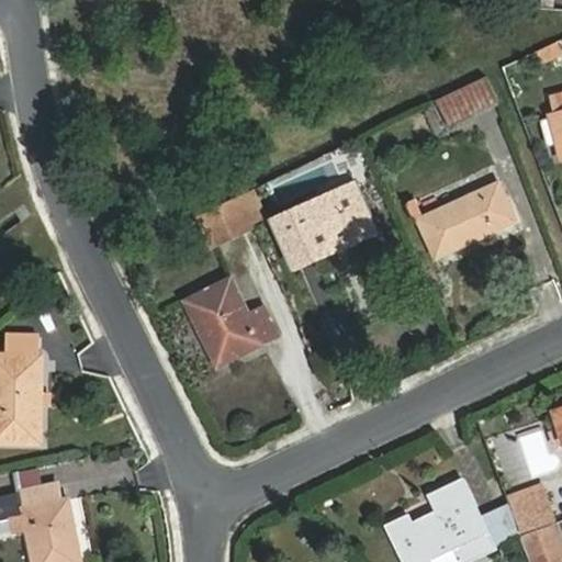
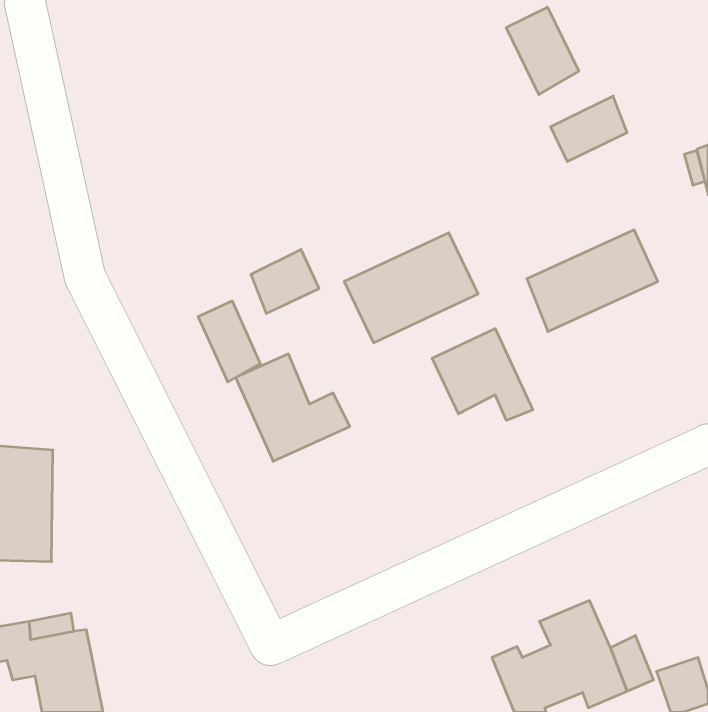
building: none -> [506,7,579,95]
building: none -> [198,301,260,382]
building: none -> [432,329,533,420]
building: [505,487,553,526] -> none

